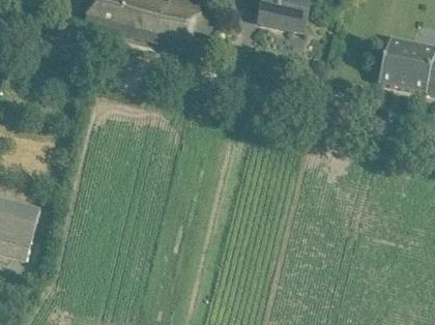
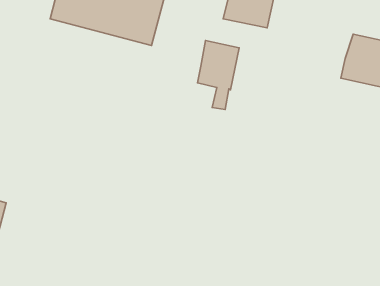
building: none -> [197,41,239,110]

